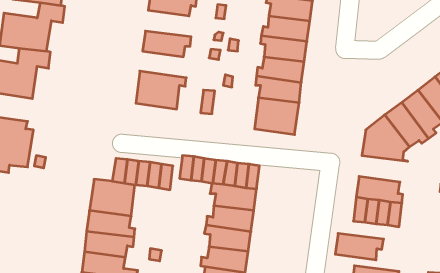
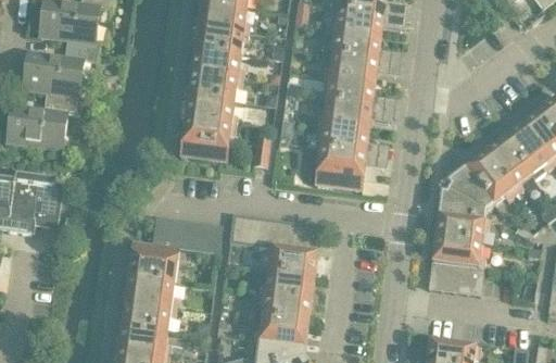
building: none -> [191,49,245,79]
building: none -> [185,96,239,126]
building: [335,233,384,260] -> [435,215,491,246]

